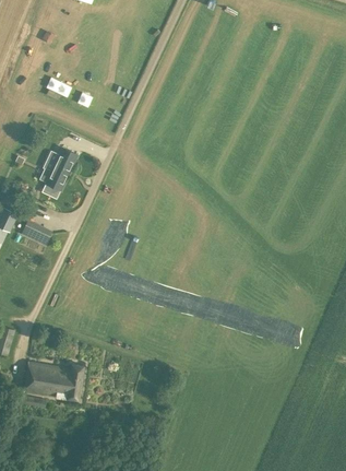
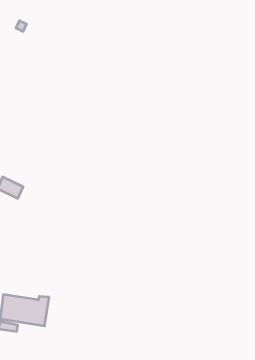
building: [39,148,76,190] -> none

